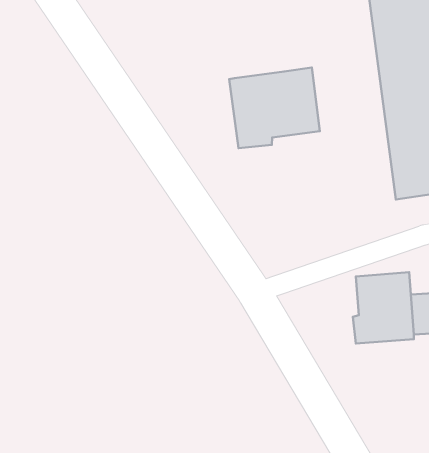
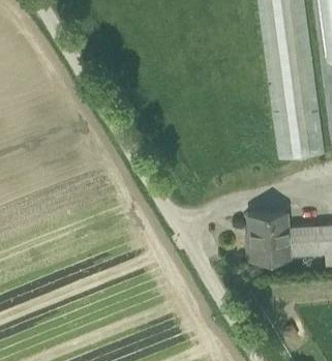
building: [229,68,320,148] -> none

